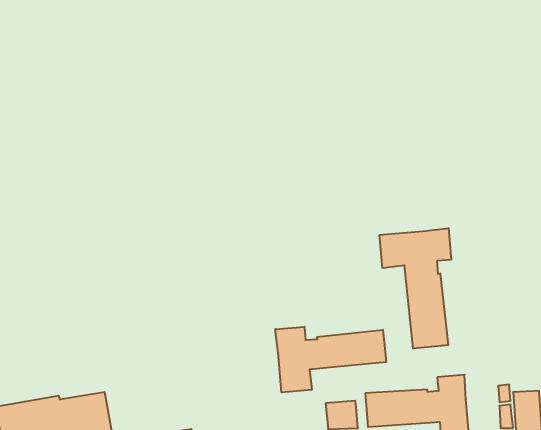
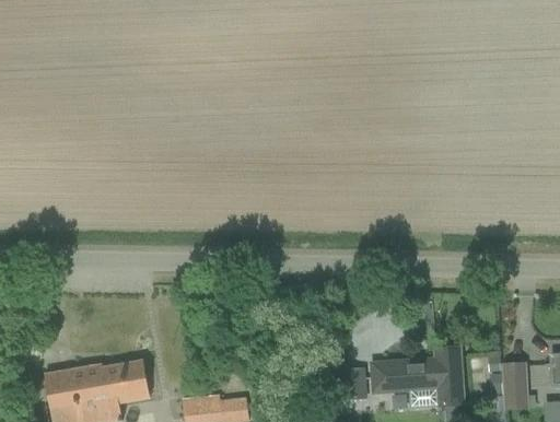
building: [380,228,451,349] -> none
building: [275,327,386,392] -> none

